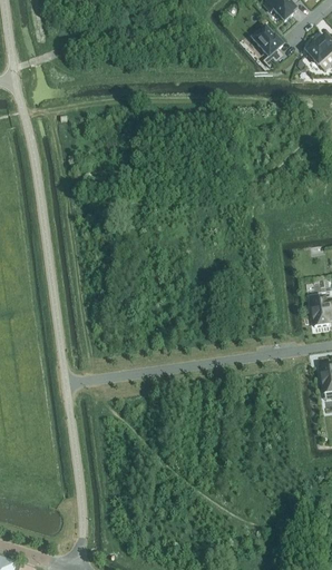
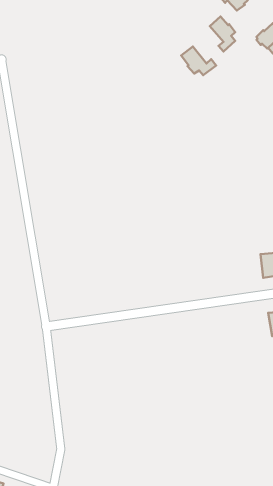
building: none -> [181,47,216,75]

